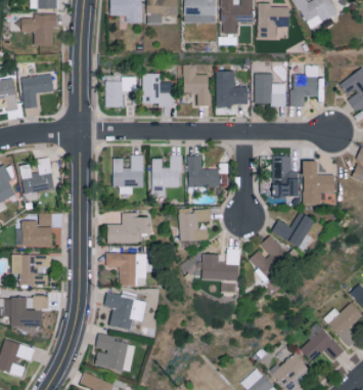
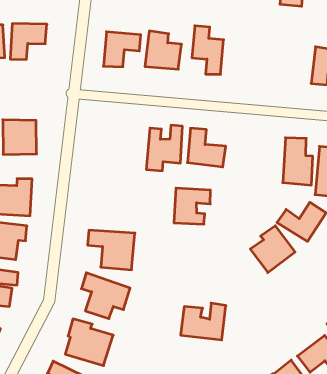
building: [216,71,247,105] -> none
building: [254,74,286,105] -> none
building: [112,155,143,193] -> none
building: [107,212,149,244] -> none
building: [201,249,239,280] -> [181,303,226,340]

